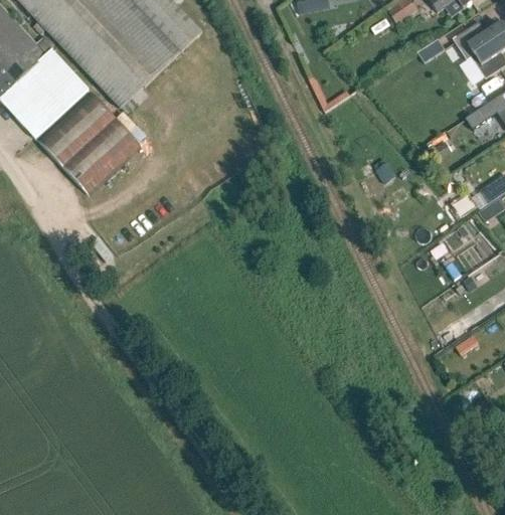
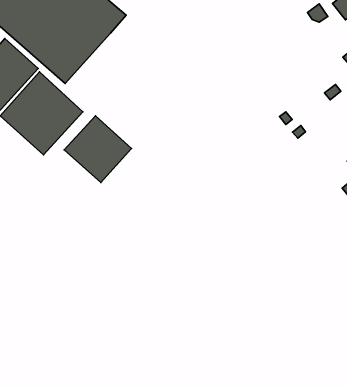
building: none -> [64,116,132,182]

